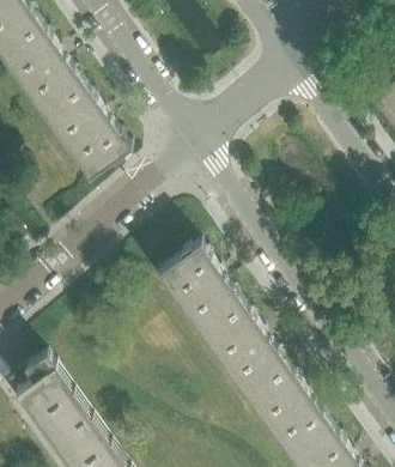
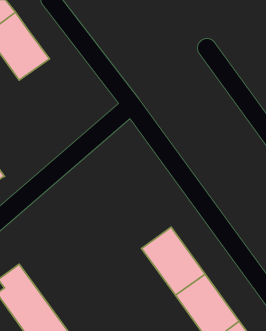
building: [41,83,127,174] -> none
building: [152,237,238,329] -> none

